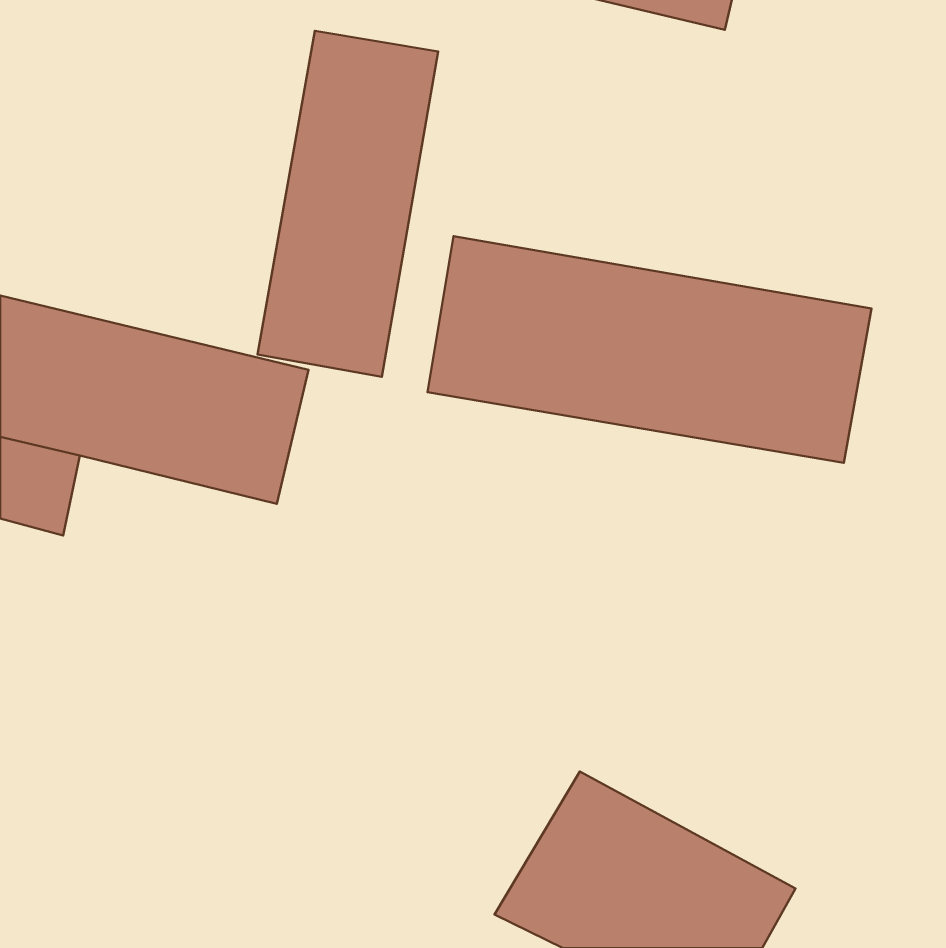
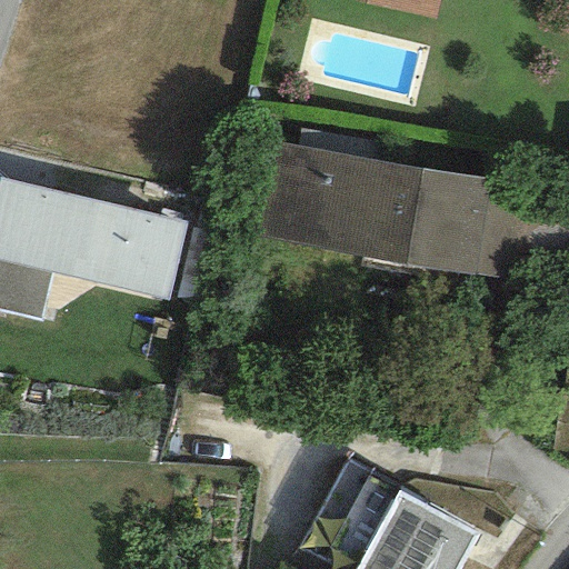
building: [257,31,438,377] -> none

